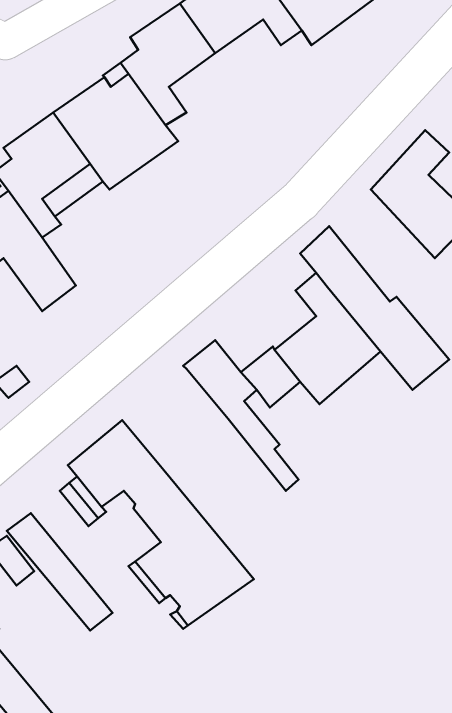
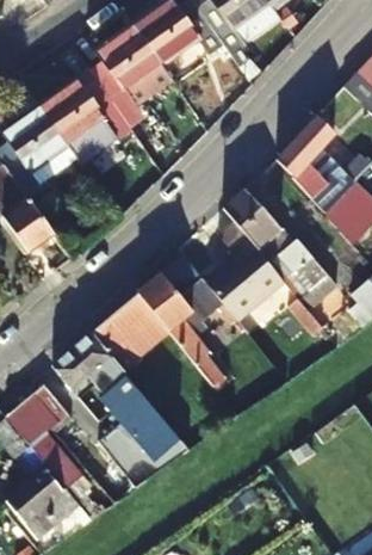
building: none -> [93,295,172,370]
building: none -> [8,467,93,538]

